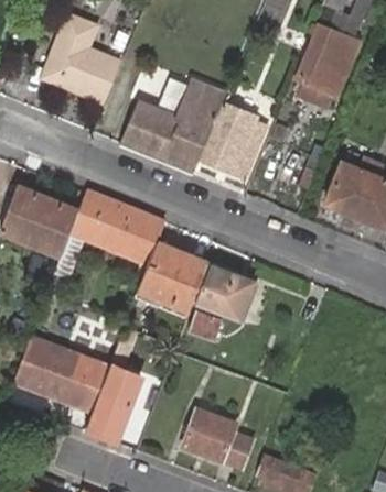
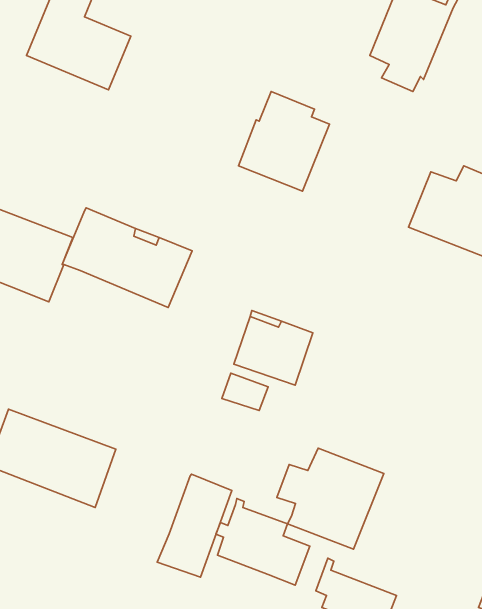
building: [120,83,225,174] -> none
building: [138,243,208,310] -> none
building: [85,368,140,444] -> [157,474,232,577]
building: none -> [277,448,384,549]

